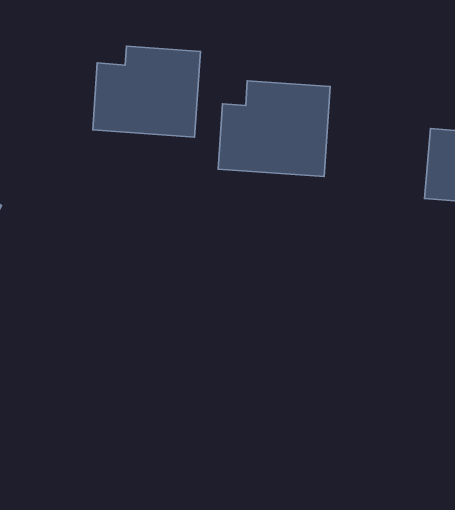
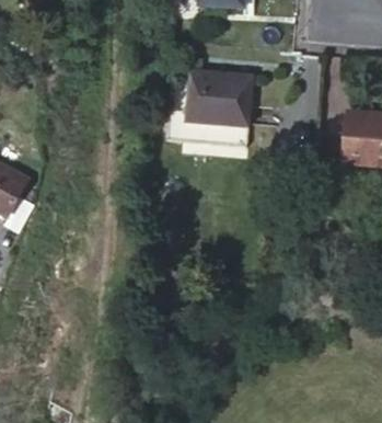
building: [93,46,200,137] -> none

